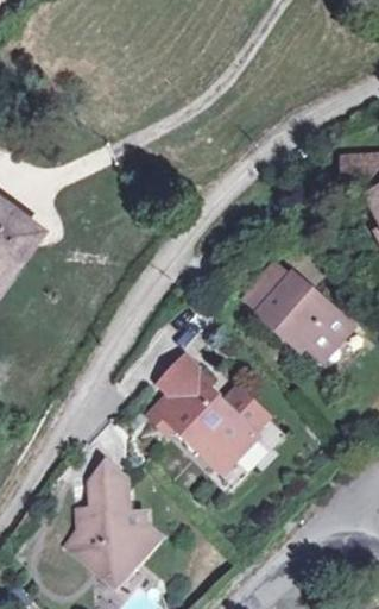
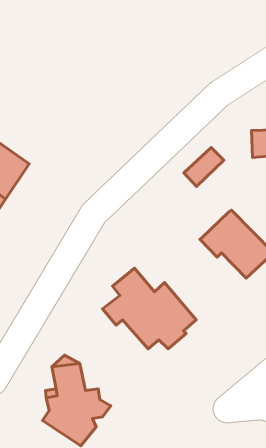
building: [258,264,310,315] -> [184,147,224,186]

